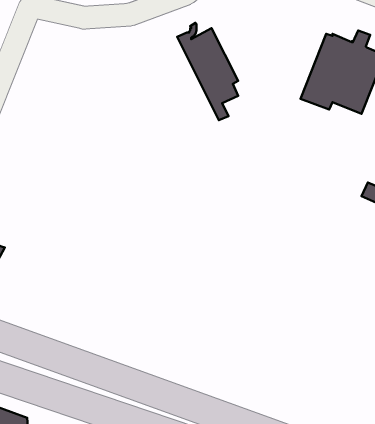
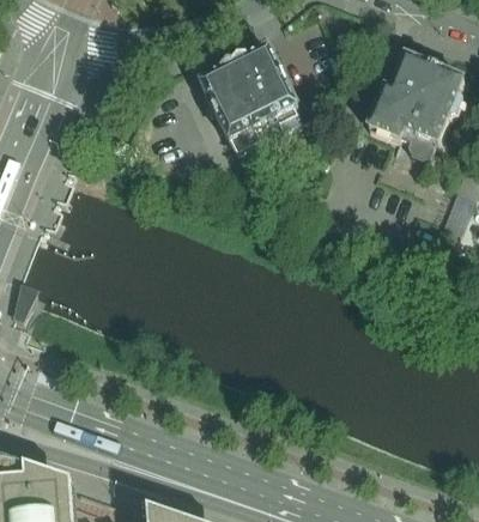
building: none -> [201,57,278,154]

